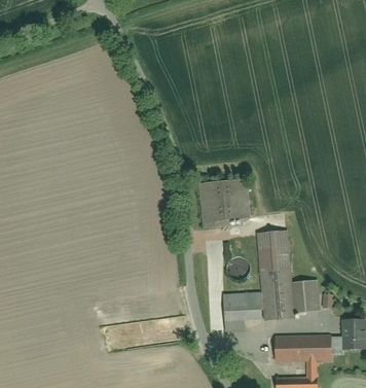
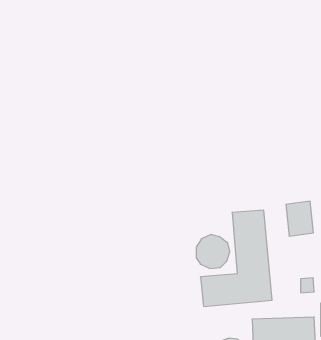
building: [198,180,252,223] -> none
building: [292,280,319,314] -> [286,201,313,236]

